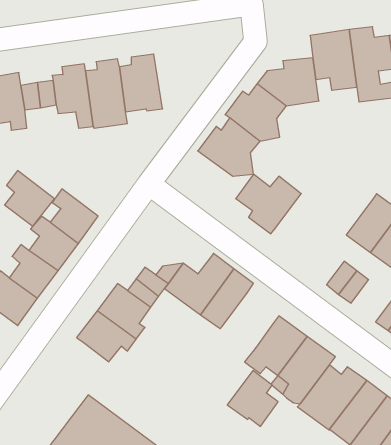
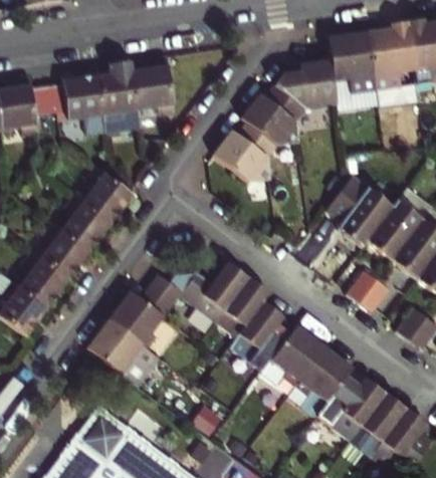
building: [5,171,54,226] -> [80,166,132,223]
building: [236,174,301,234] -> [324,186,392,247]
building: [227,371,278,426] -> [237,301,289,358]

